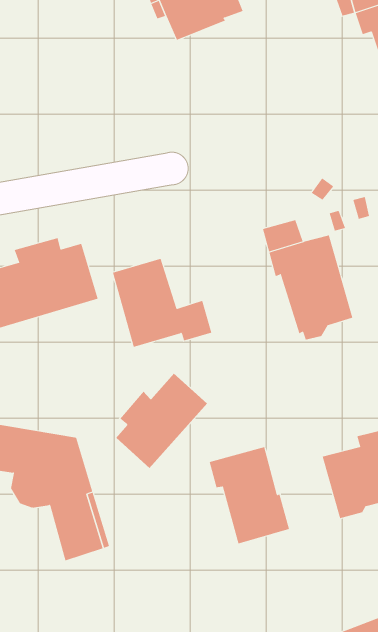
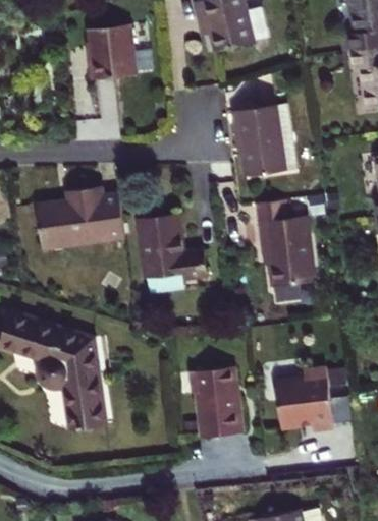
building: none -> [87,24,136,80]
building: none -> [234,104,295,176]
building: [115,373,208,469] -> none

